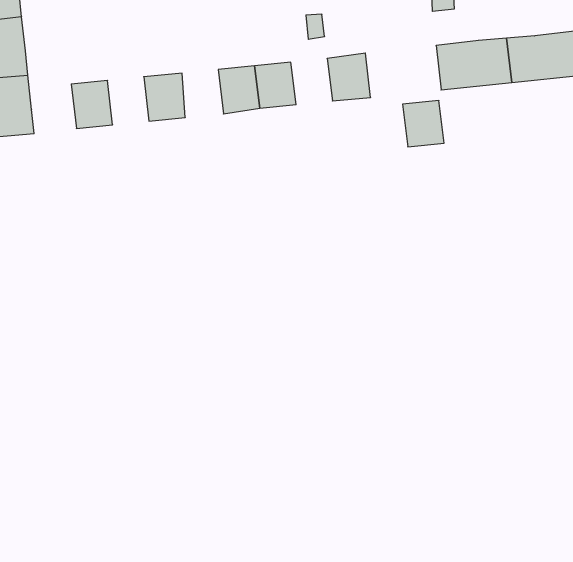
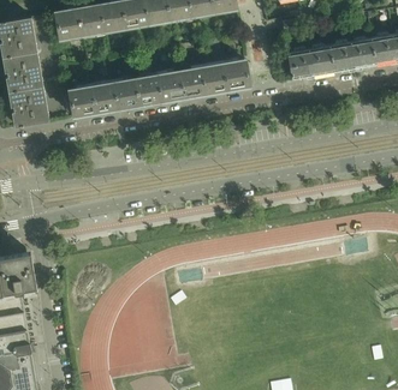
building: none -> [135,76,161,106]
building: none -> [90,83,117,113]
building: [403,101,444,147] -> [200,65,226,94]

